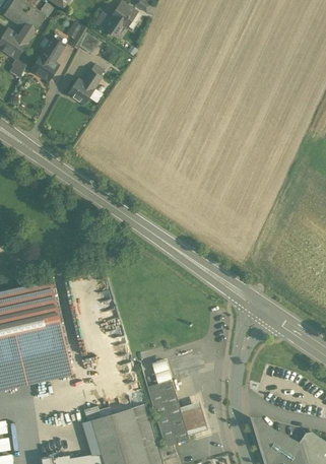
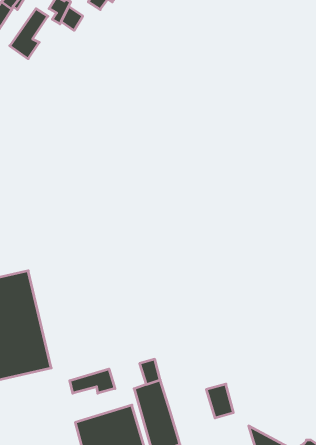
building: [66,63,104,105] -> none
building: none -> [70,369,115,393]
building: [180,404,205,436] -> [206,384,233,418]

